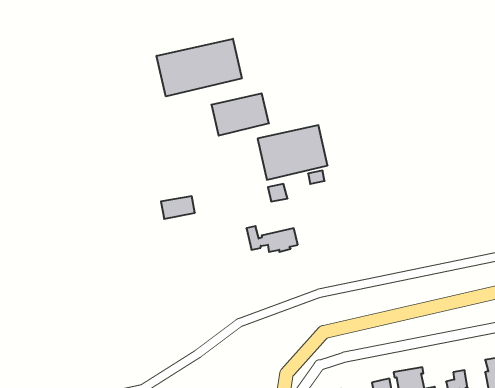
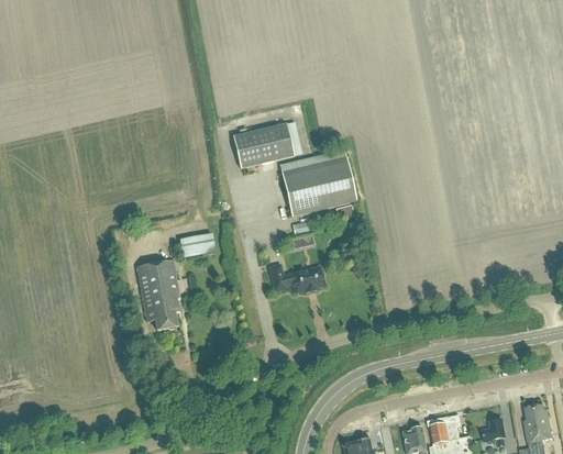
building: [157,39,242,96] -> none
building: none -> [136,261,179,330]

